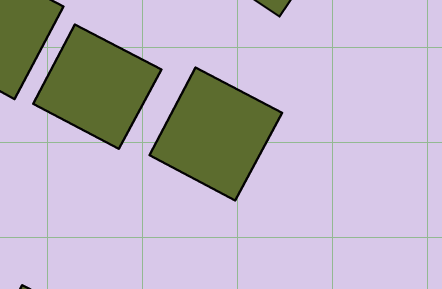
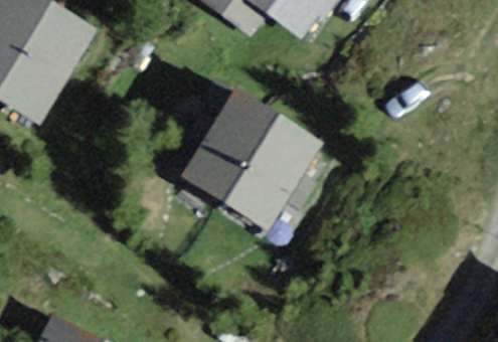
building: [33,25,161,149] -> none

